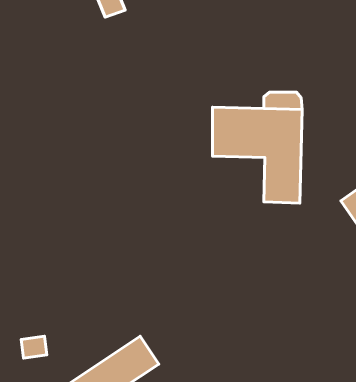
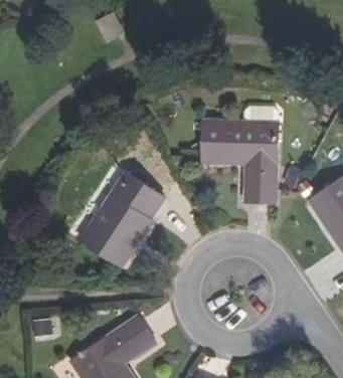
building: none -> [80,173,165,265]

